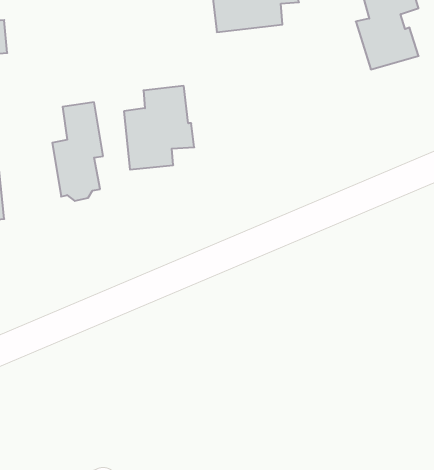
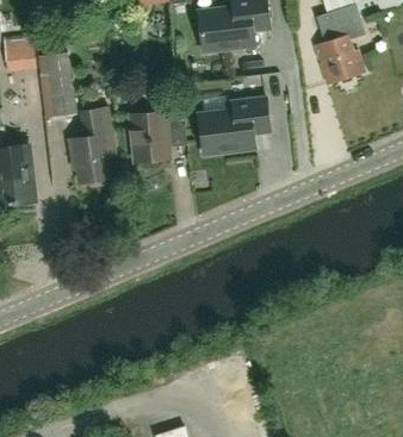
building: none -> [46,51,76,114]
building: none -> [197,98,269,154]

